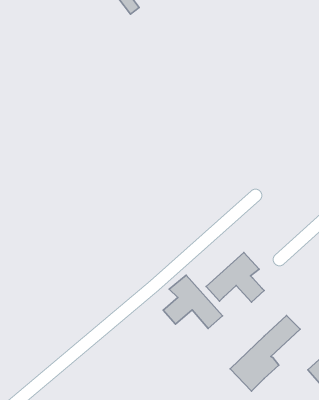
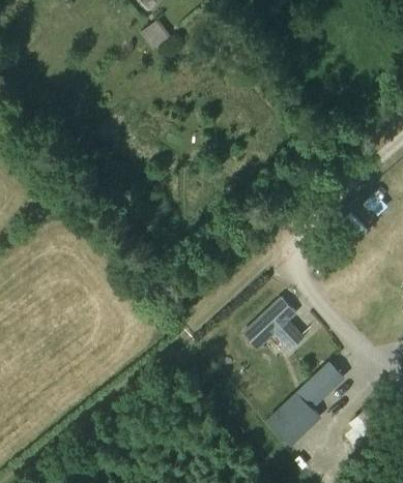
building: [163,275,223,328] -> none

